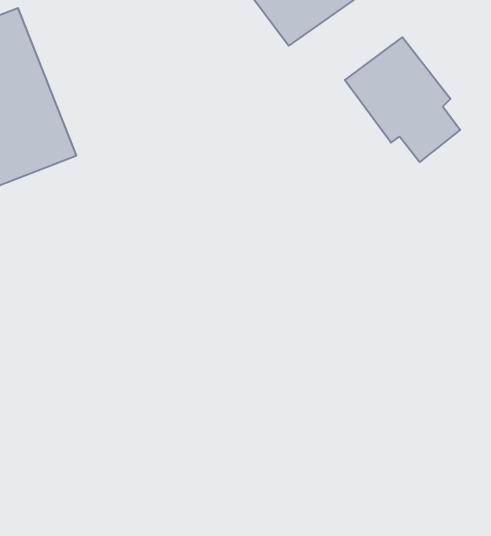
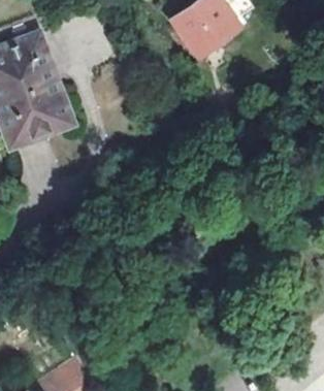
building: [345,37,460,162] -> none

